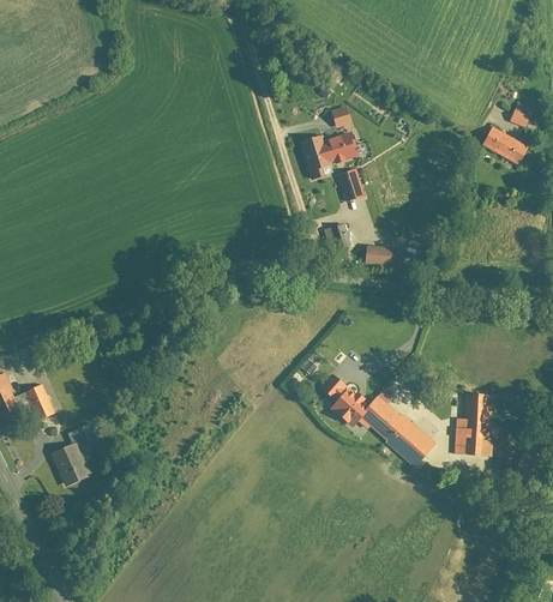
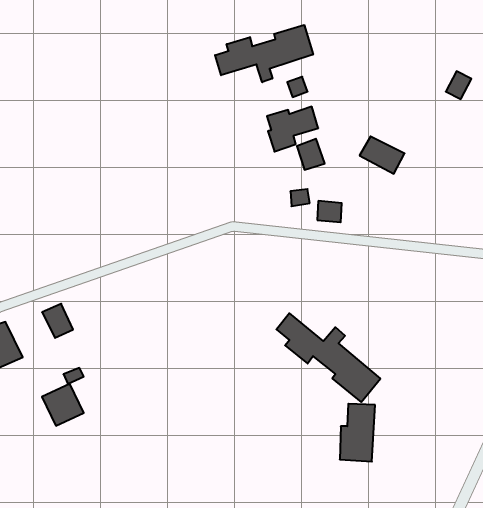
building: none -> [215,25,313,82]
building: [476,121,527,163] -> [360,136,405,174]
building: [28,386,62,425] -> [42,304,73,338]
building: [451,387,491,452] -> [340,404,375,462]

